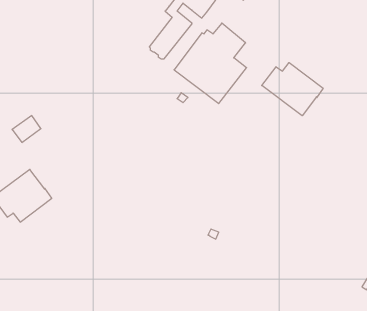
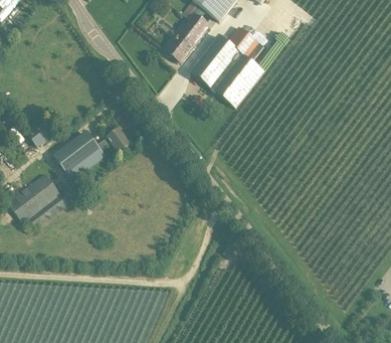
building: [262,63,323,116] -> none
building: none -> [53,128,130,178]

